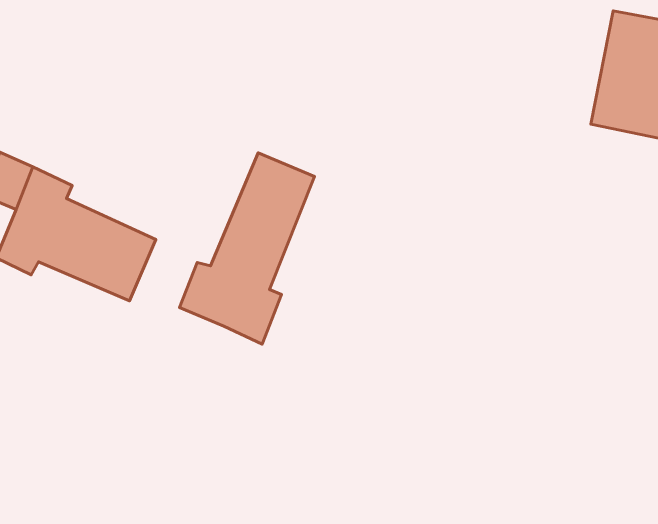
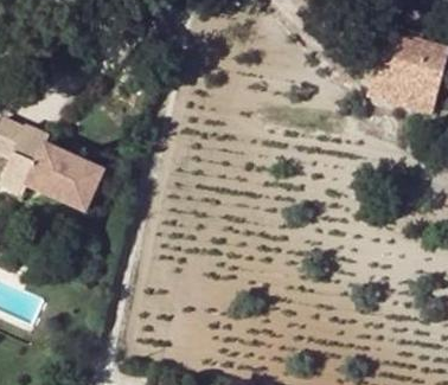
building: [180,153,314,344] -> none

